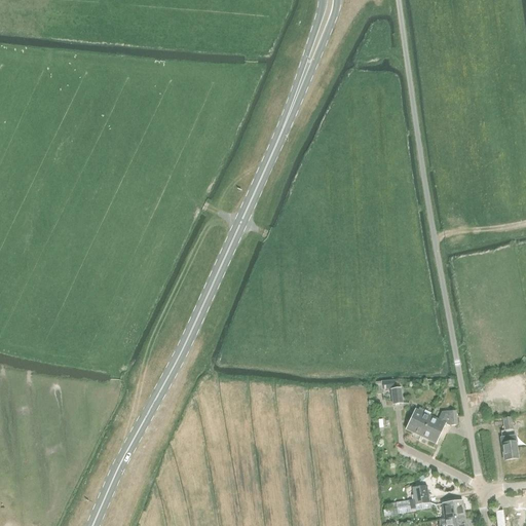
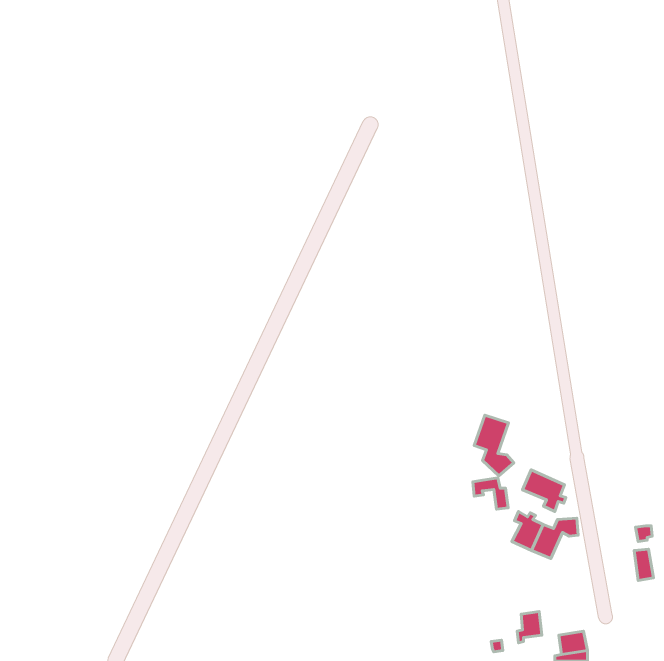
building: none -> [474,415,514,476]
building: none -> [522,470,566,512]

